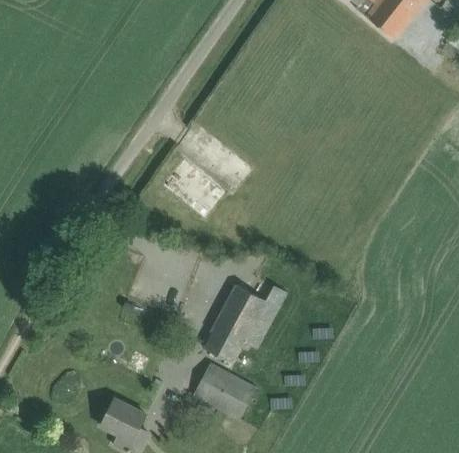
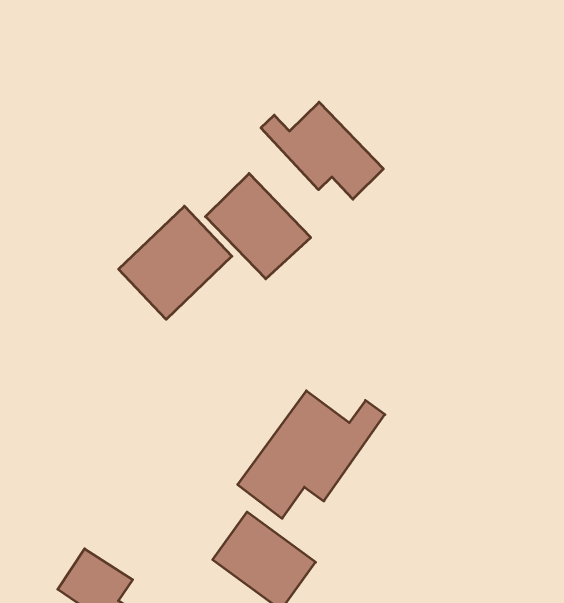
building: none -> [261,102,383,199]
building: none -> [119,206,232,319]

